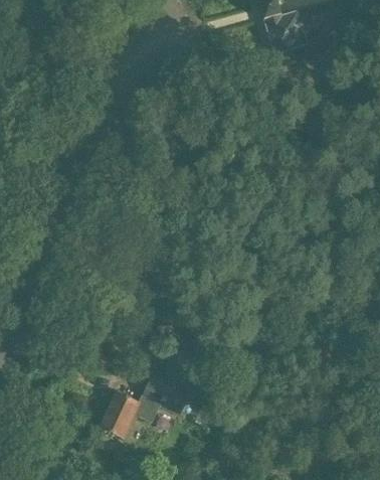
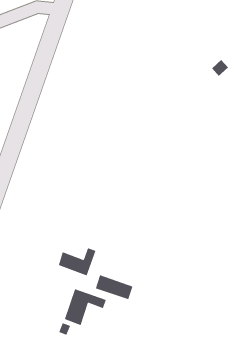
building: none -> [58,247,97,276]

